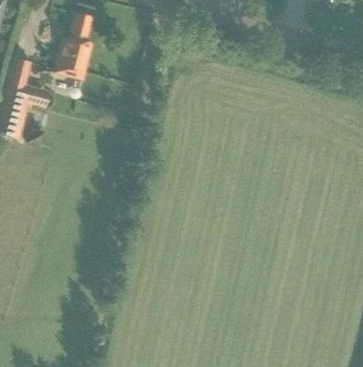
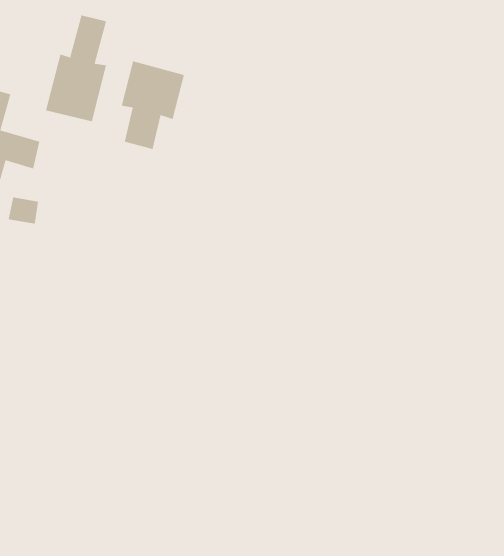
building: none -> [121,61,185,150]

